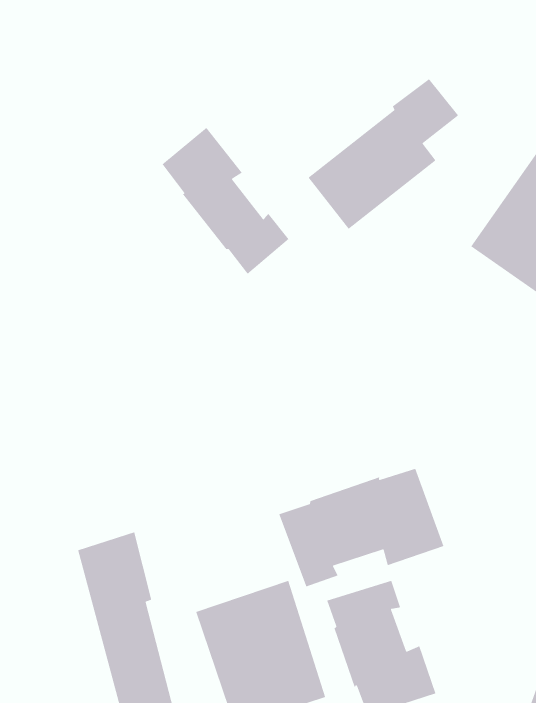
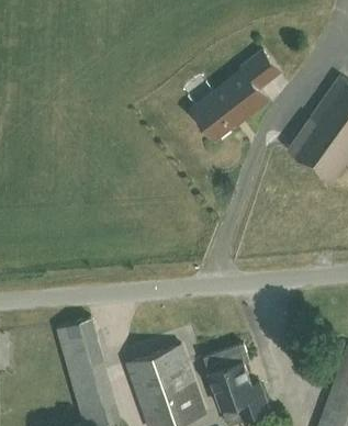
building: [162,127,289,275] -> none
building: [278,468,444,588] -> none

